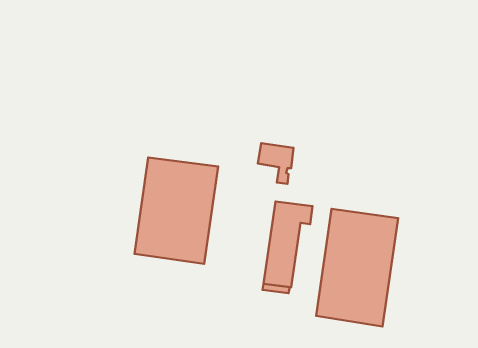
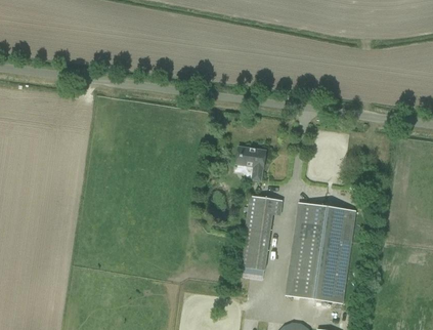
building: [134,157,218,264] -> none

